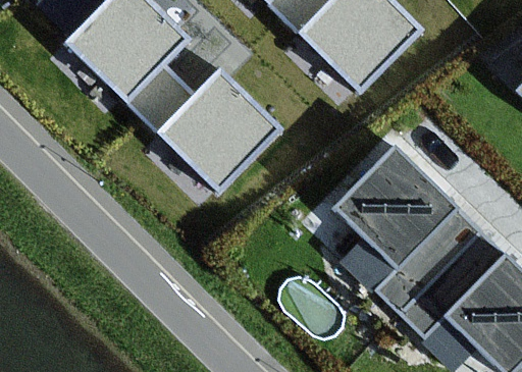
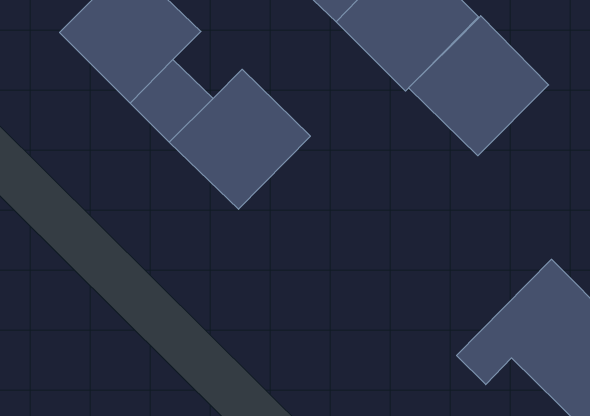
building: none -> [409,16,549,156]
building: [336,148,479,311] -> none

